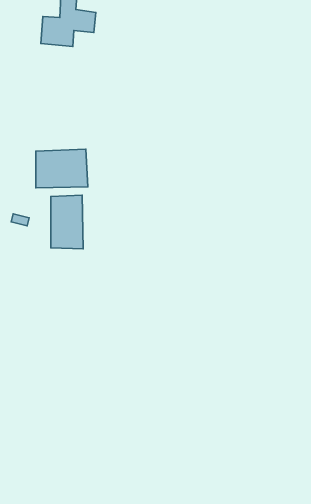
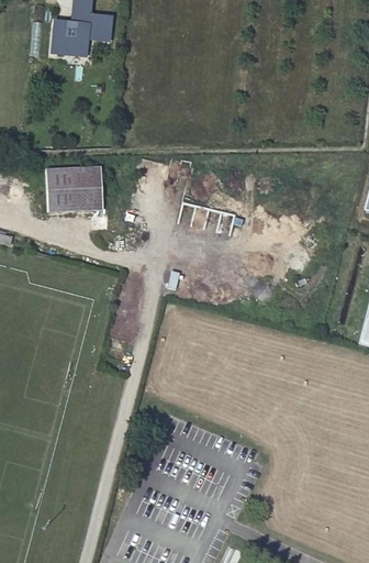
building: [51,195,83,249] -> none

